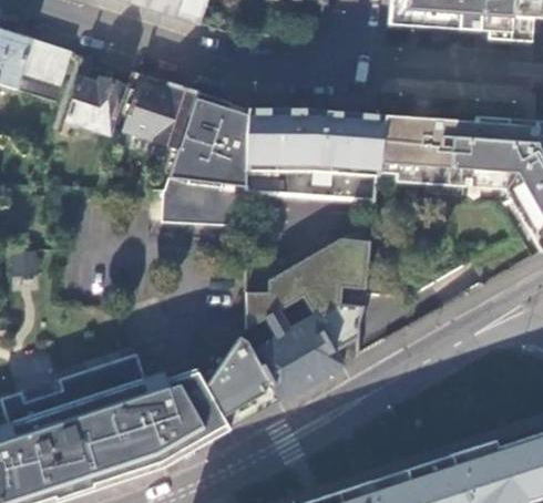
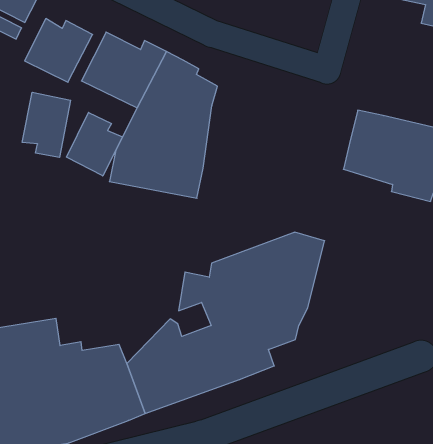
building: [245,109,380,203] -> none
building: none -> [22,92,71,157]
building: none -> [66,112,123,176]

